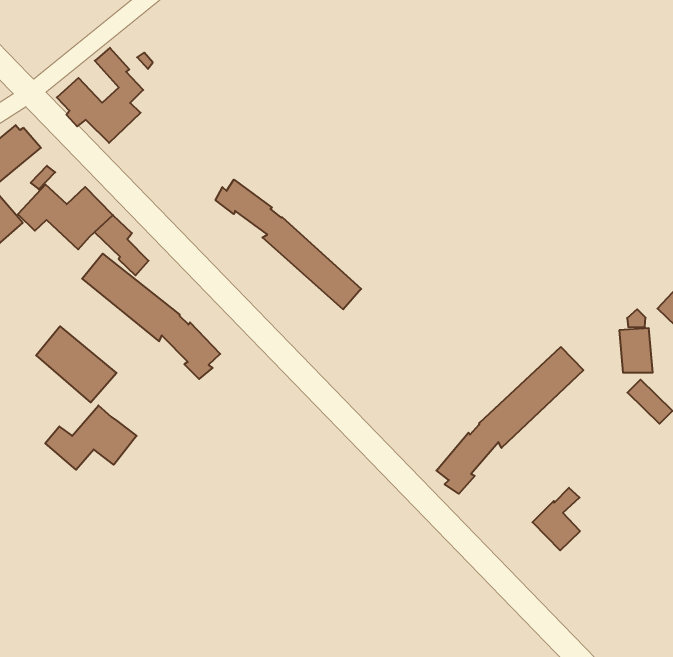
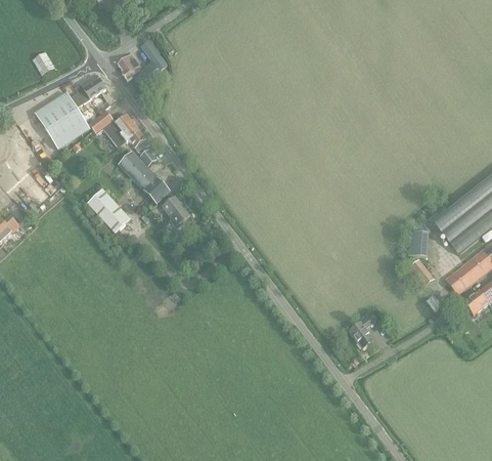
building: [216,180,361,309] -> none
building: [436,347,583,494] -> none
building: [45,405,137,470] -> none

